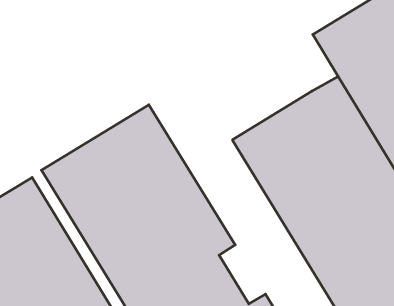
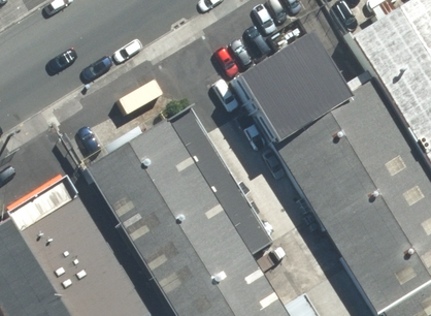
building: none -> [232,31,349,141]

